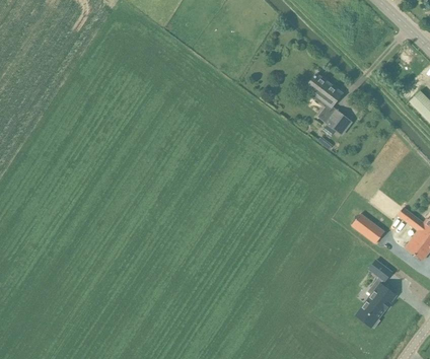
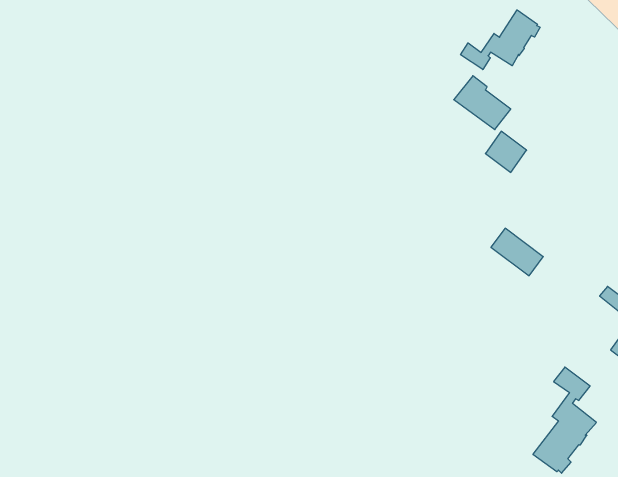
building: none -> [461,10,540,70]
building: [351,213,384,243] -> [491,228,543,276]

